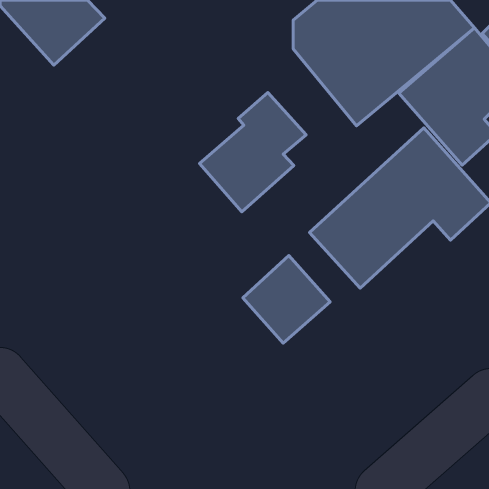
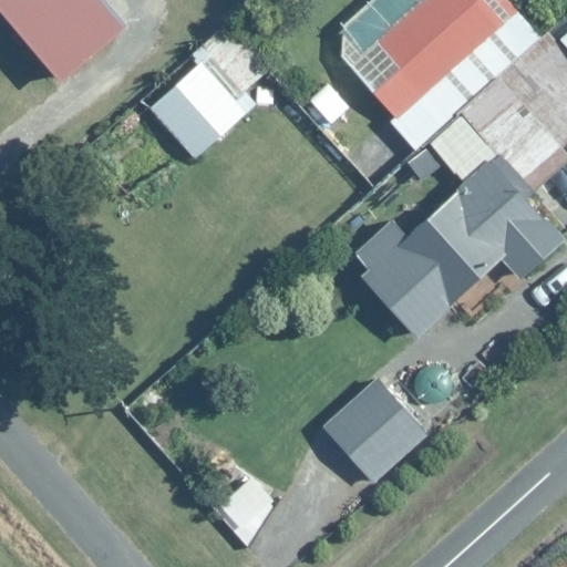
building: [200,93,306,212] -> [147,21,270,158]
building: [243,256,330,343] -> [324,380,425,481]

